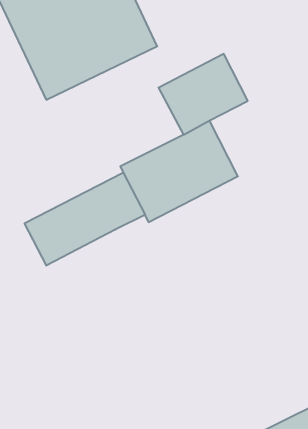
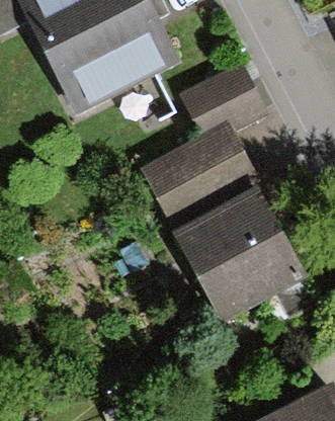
building: [25,173,145,266] -> none
building: none -> [173,191,297,316]

